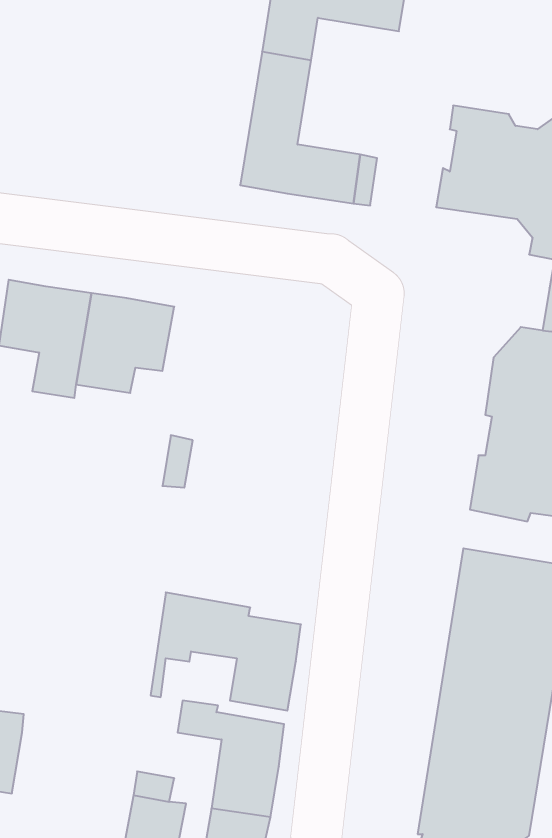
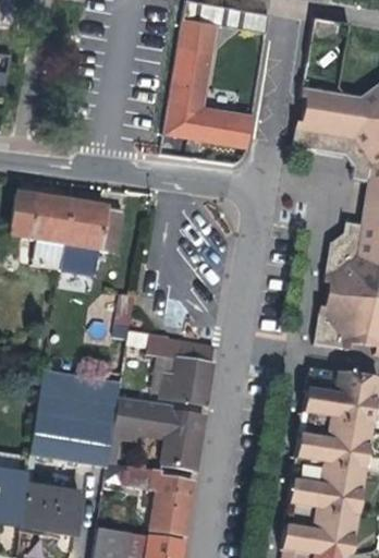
building: none -> [158,337,217,405]
building: none -> [30,371,120,464]
building: none -> [19,486,81,534]

